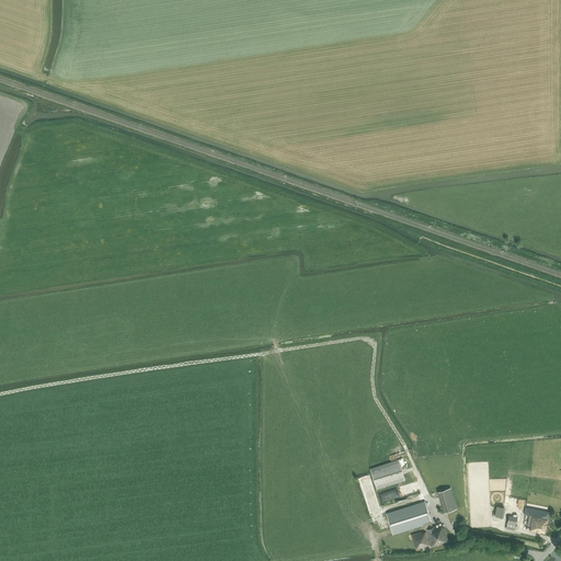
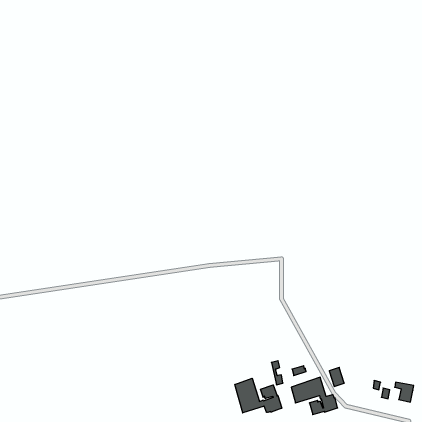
building: [369,458,404,489] -> none
building: none -> [235,378,282,413]

